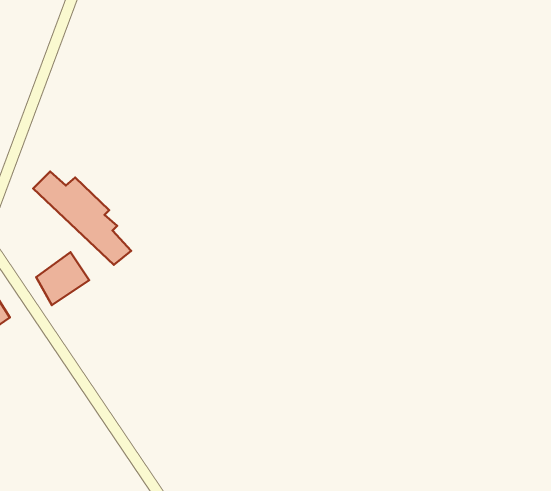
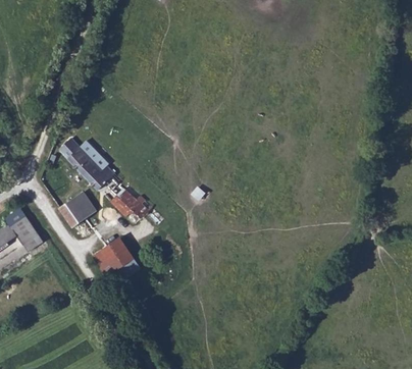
building: none -> [114,193,148,225]
building: none -> [90,236,131,273]

